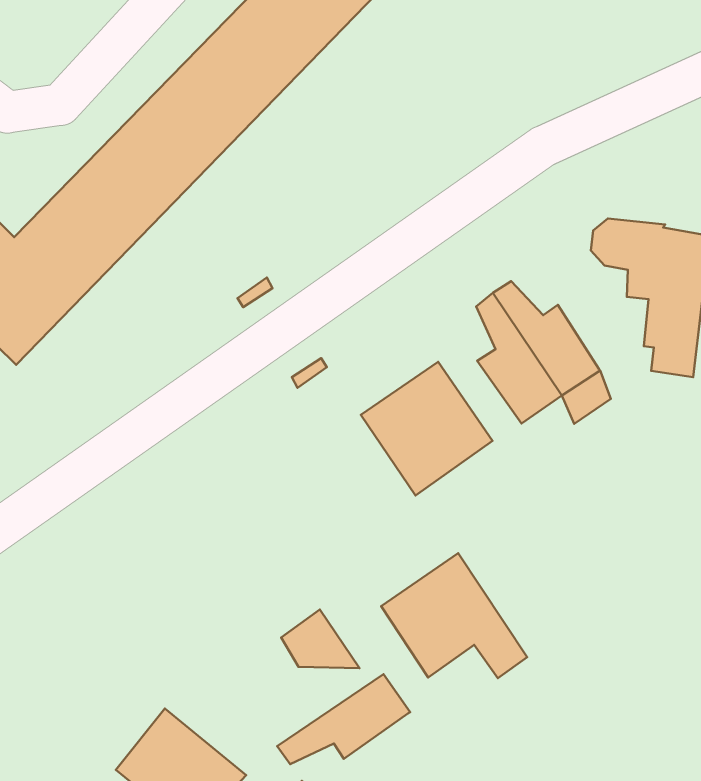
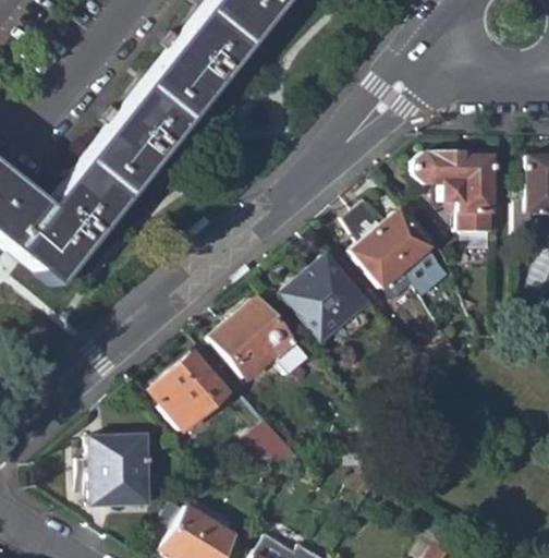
building: none -> [149,352,231,433]
building: [381,553,527,678] -> [212,299,309,380]
building: none -> [89,437,147,506]
building: [277,674,410,764] -> none

